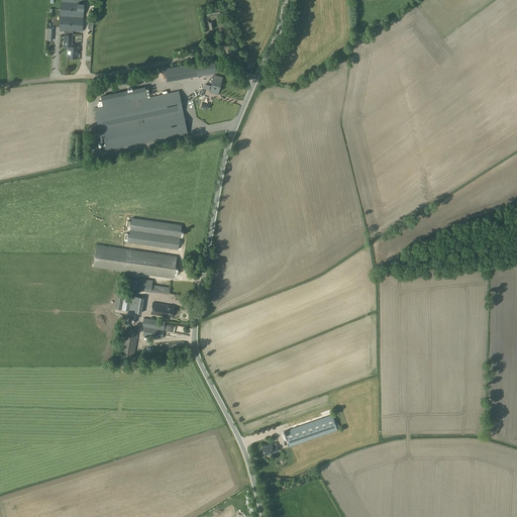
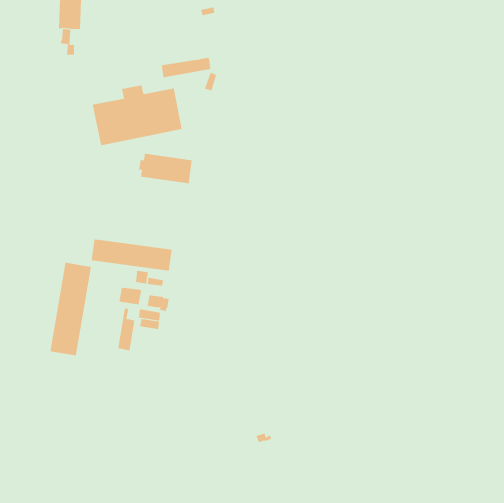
building: [125,217,181,248] -> [138,153,192,184]
building: none -> [50,262,92,356]
building: [284,413,337,445] -> none

